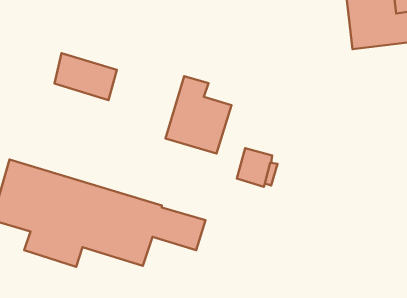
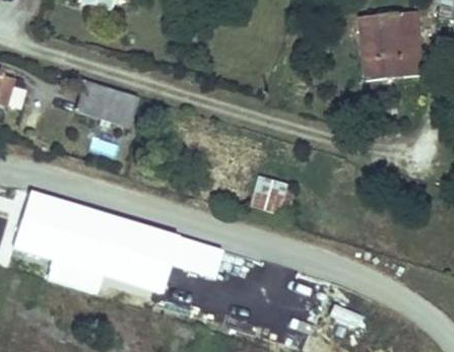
building: [165,76,231,153] -> none

